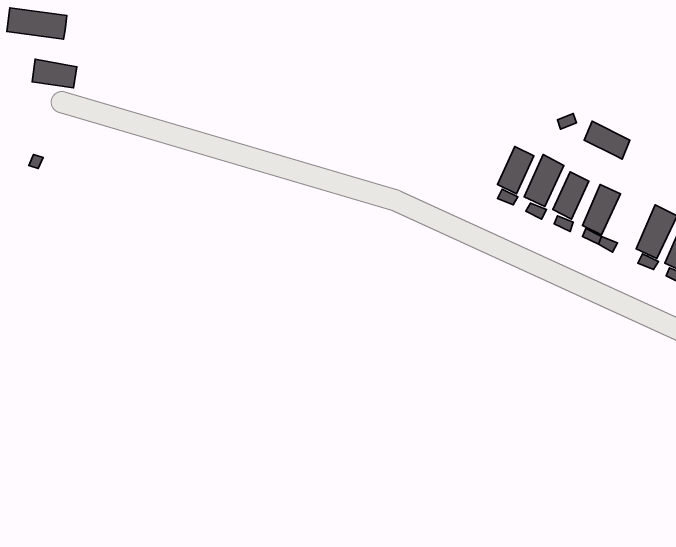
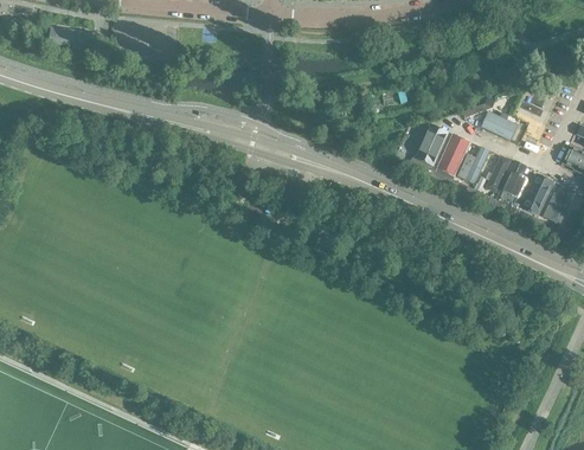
building: [32,59,77,88] -> none
building: none -> [500,160,531,199]

